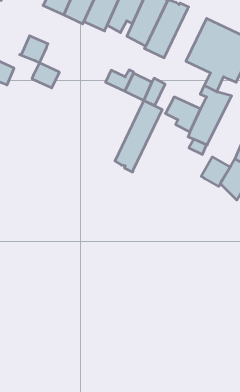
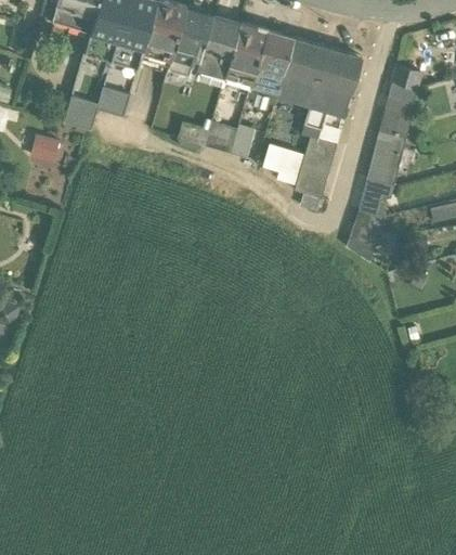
building: none -> [249,28,295,108]
building: [32,63,59,88] -> [97,86,131,115]
building: [115,100,162,172] -> none
building: [201,157,231,186] -> none

